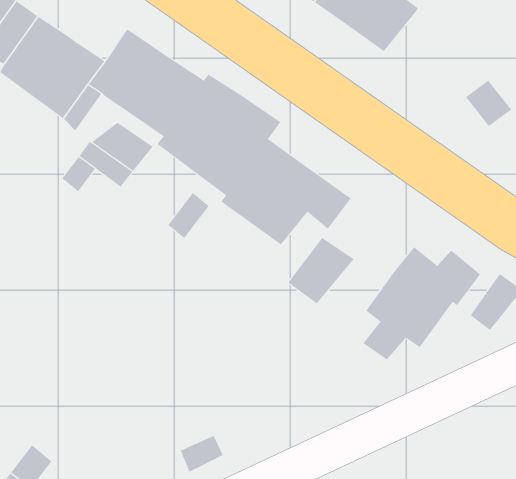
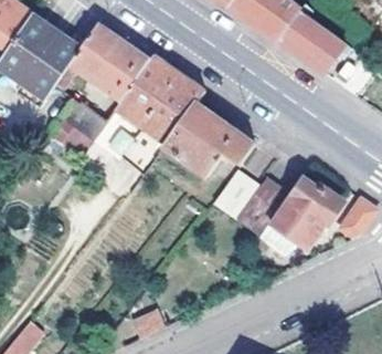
building: none -> [278,11,346,73]
building: none -> [231,180,285,237]

